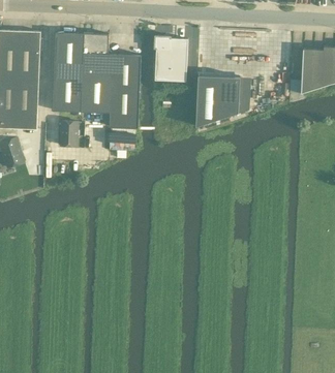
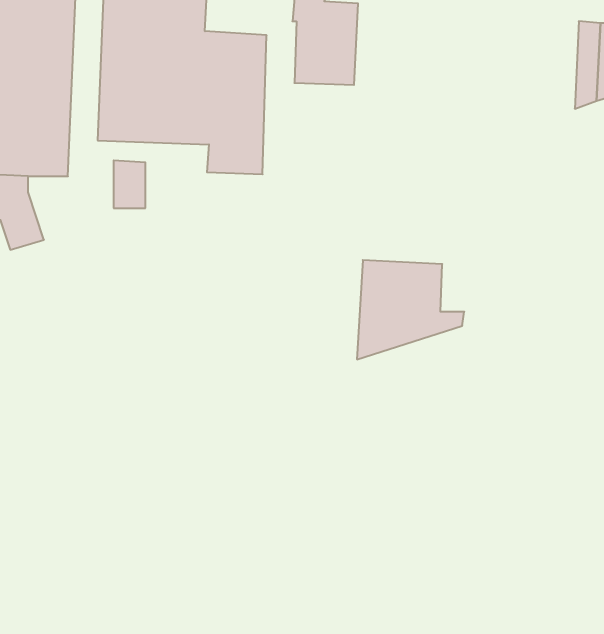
building: [194,74,250,126] -> [357,260,464,359]

